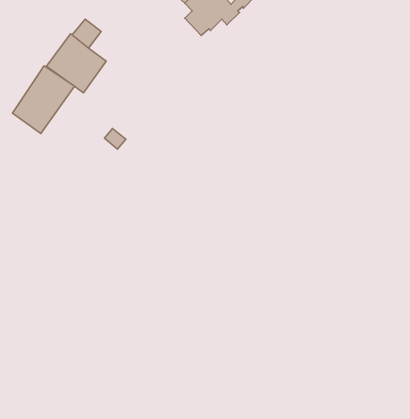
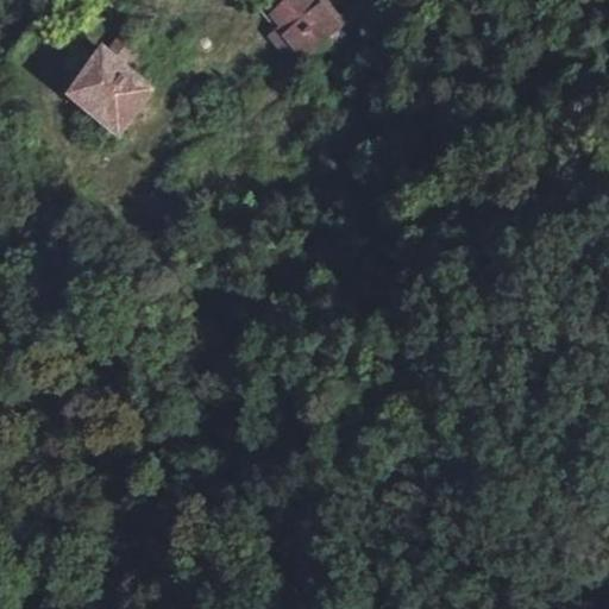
building: [12,66,74,134] -> none

